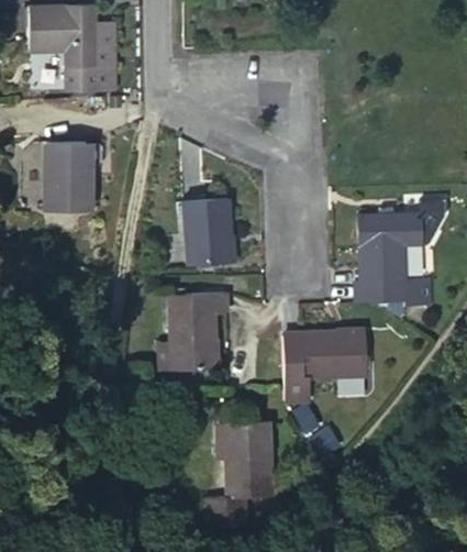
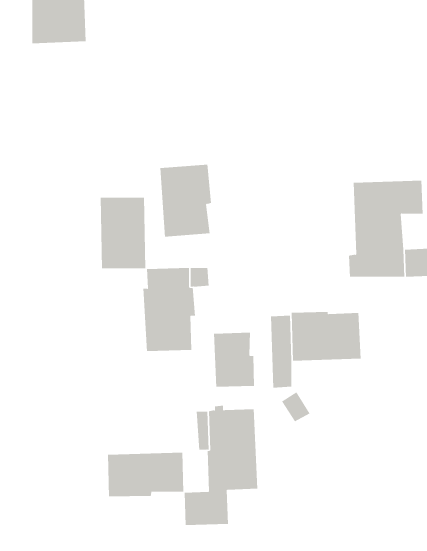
building: [45,144,87,209] -> [100,197,146,269]
building: none -> [214,332,254,388]
building: none -> [107,452,184,497]

